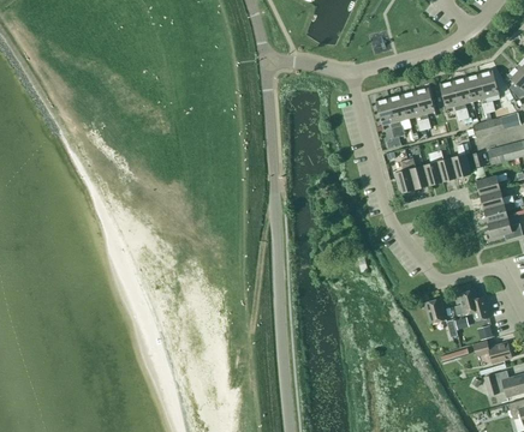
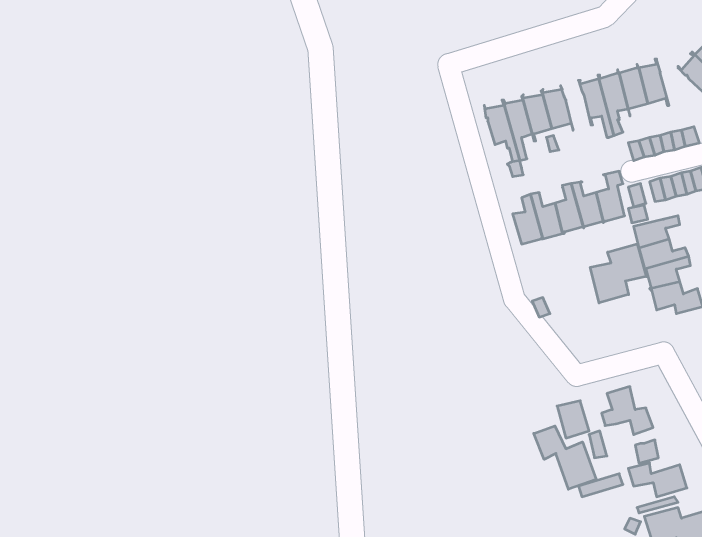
building: none -> [590,244,646,303]
building: none -> [534,426,596,489]

